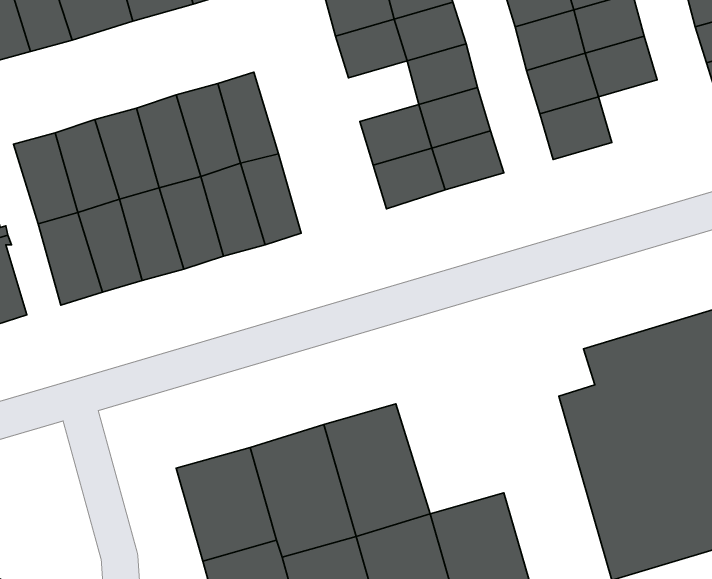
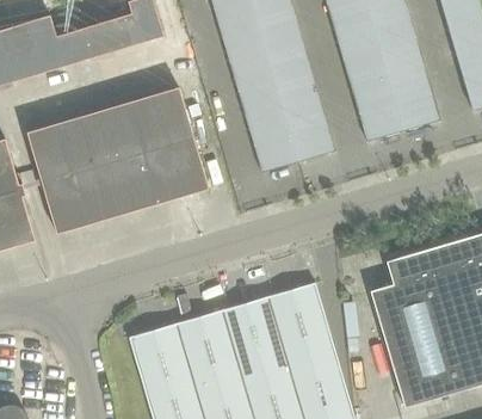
building: none -> [237,80,282,118]
building: none -> [395,92,440,131]
building: none -> [267,283,335,365]

